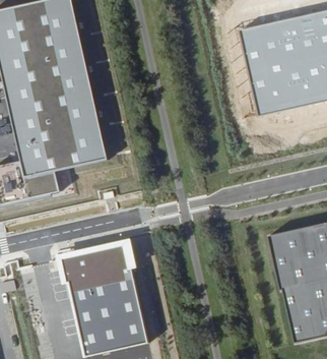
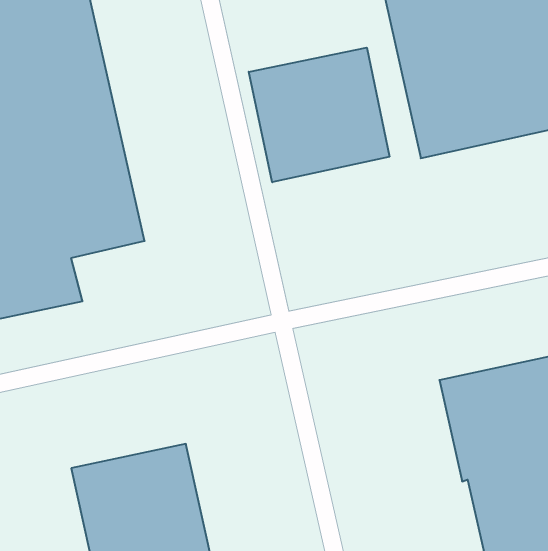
building: none -> [249,48,389,182]
building: [61,245,128,283] -> none

